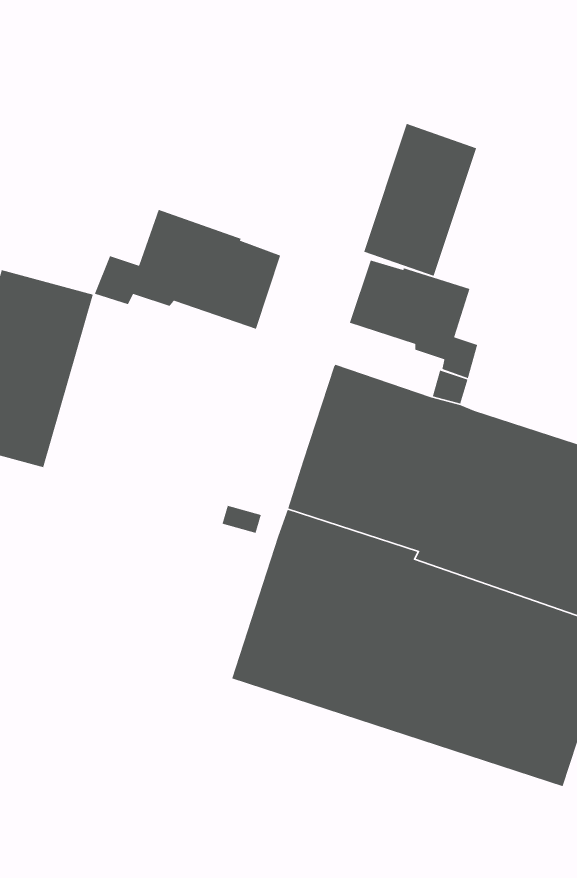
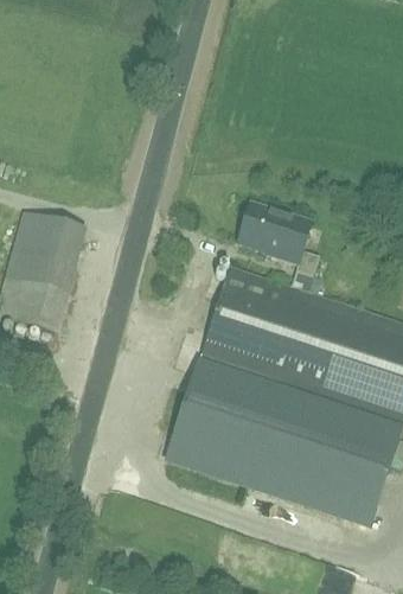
building: [363,123,477,277] -> none
building: [94,209,281,330] -> none

